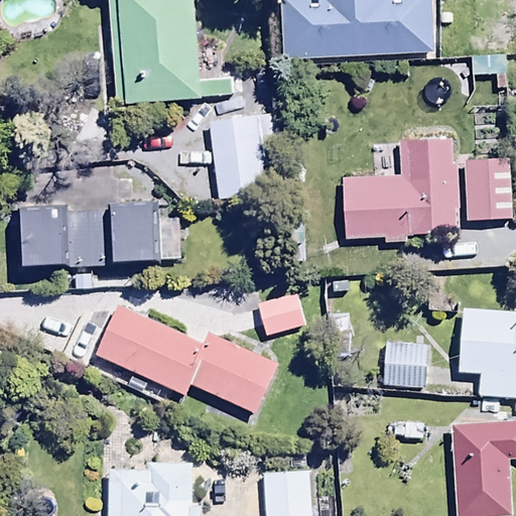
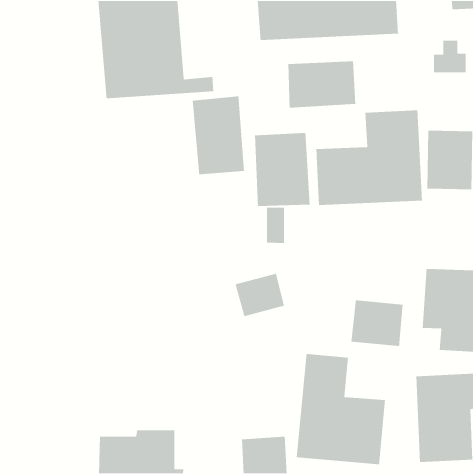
building: none -> [287,61,356,109]
building: none -> [254,132,310,207]
building: [23,207,157,273] -> none
building: [97,308,280,416] -> none
building: none -> [296,353,386,465]

